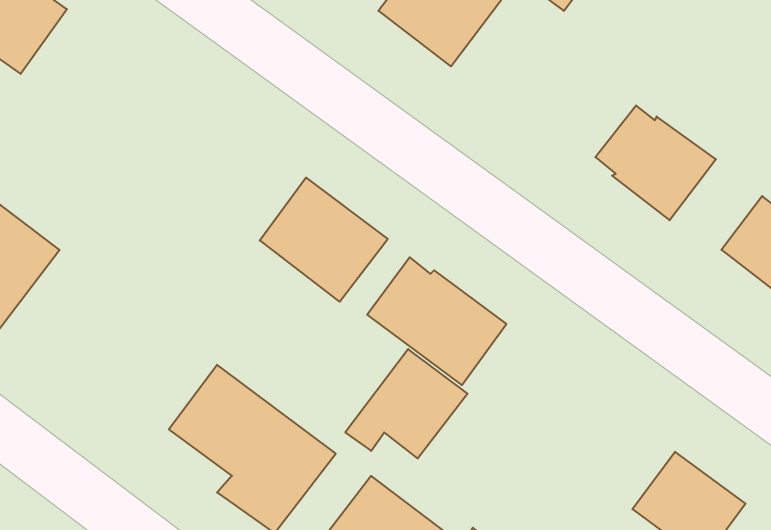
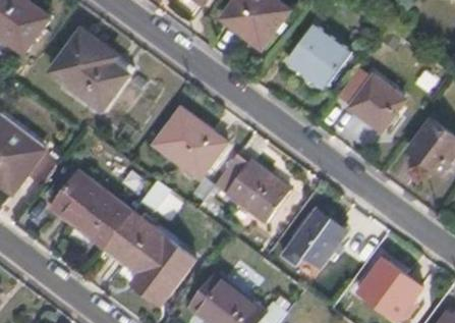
building: none -> [287,25,349,87]
building: none -> [51,30,133,111]
building: none -> [55,171,131,248]
building: [345,349,468,458] -> [281,208,348,268]

